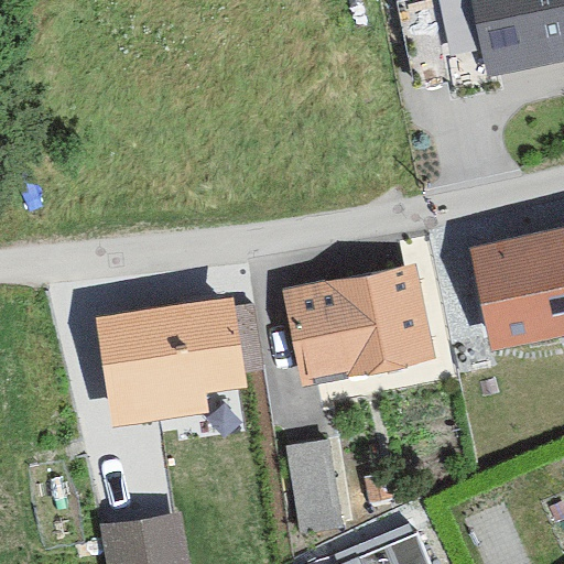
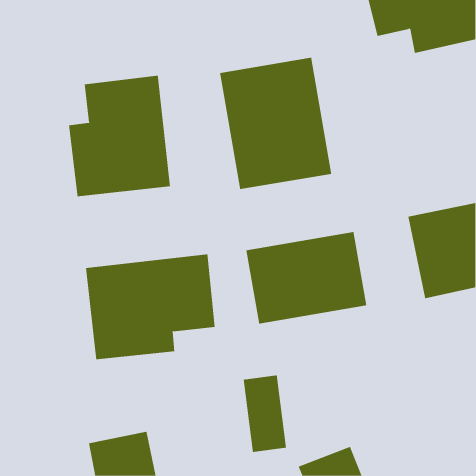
building: none -> [219,57,332,190]
building: none -> [69,75,170,197]

